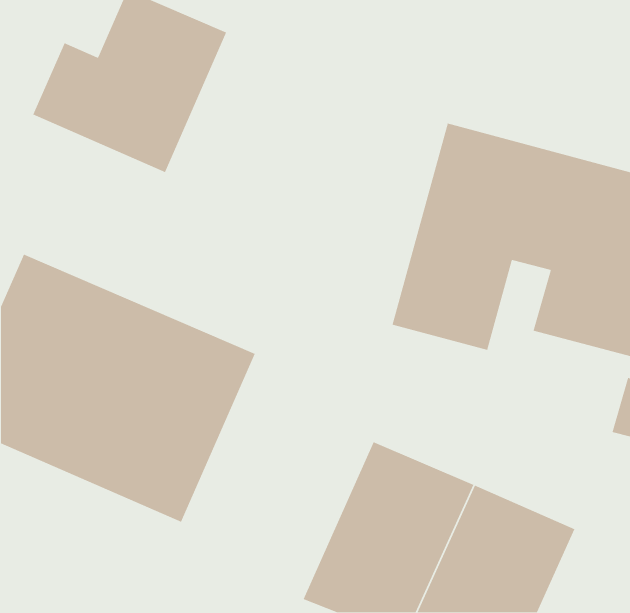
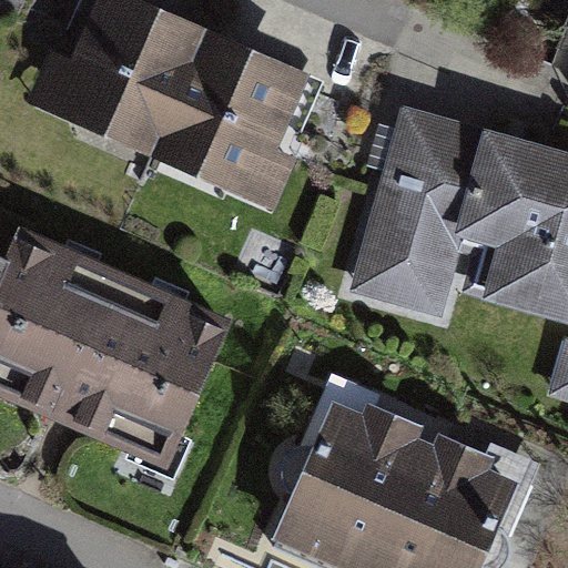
building: none -> [150,29,297,206]

